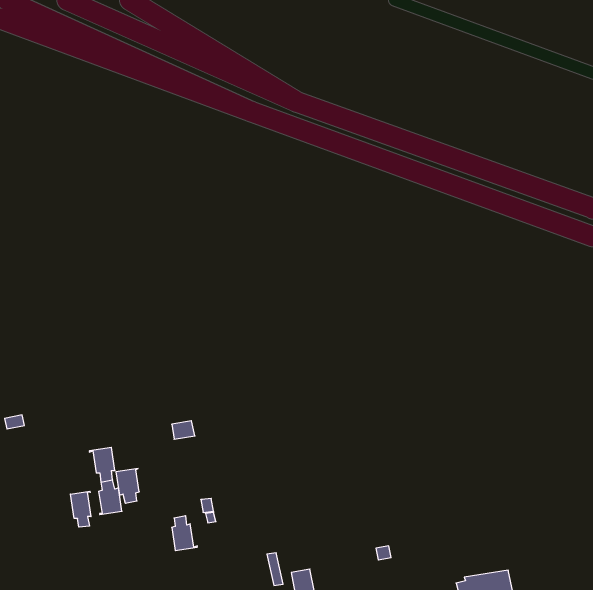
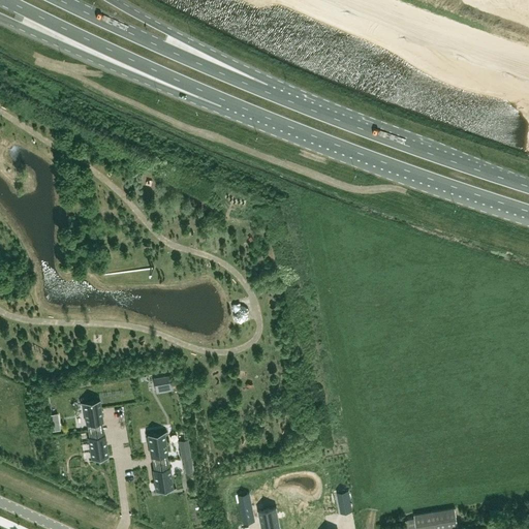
building: [116,469,139,503] -> [147,433,167,464]
building: [70,491,91,527] -> none

